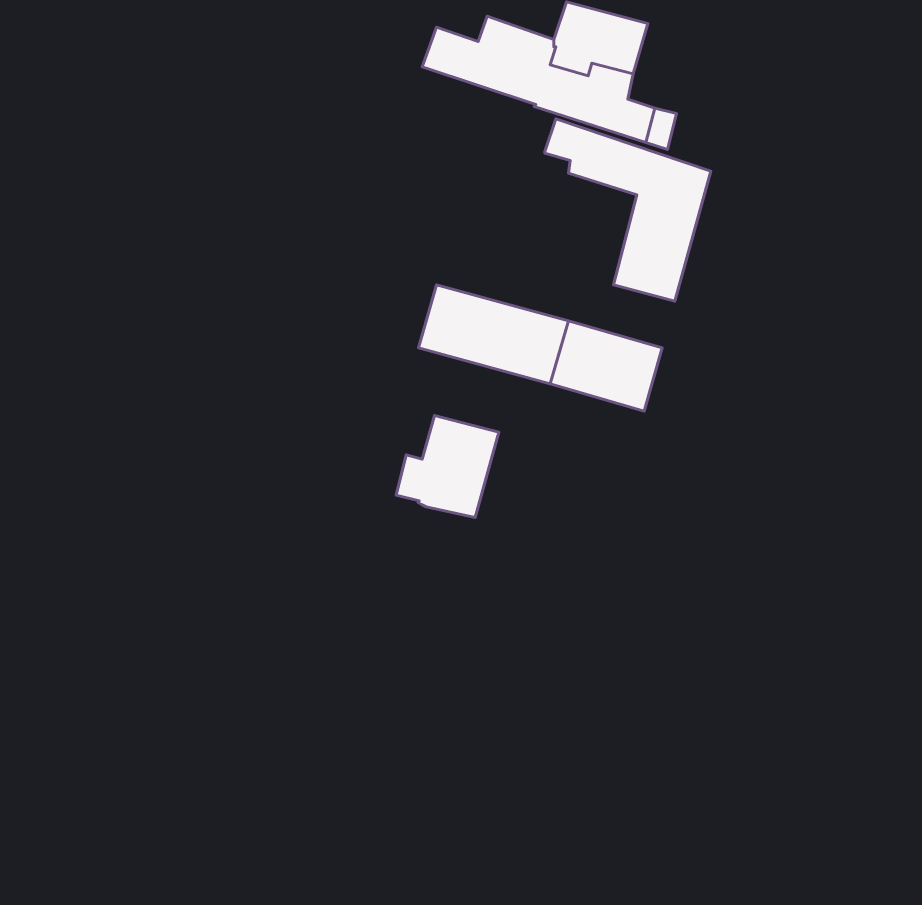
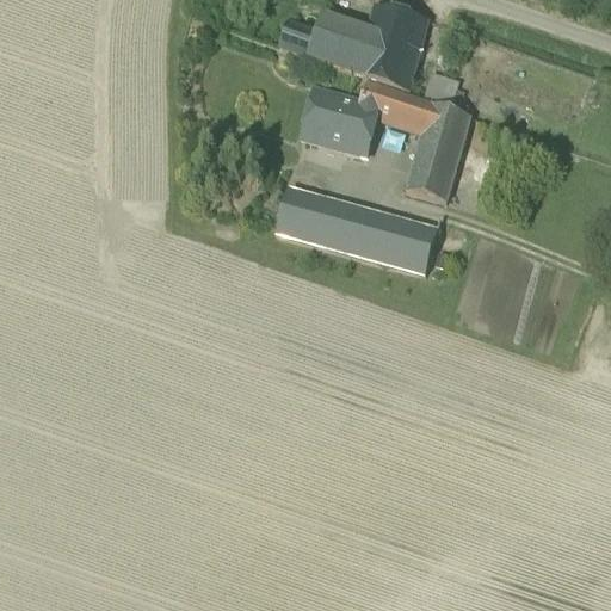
building: none -> [302,88,377,154]
building: [396,415,499,518] -> none

